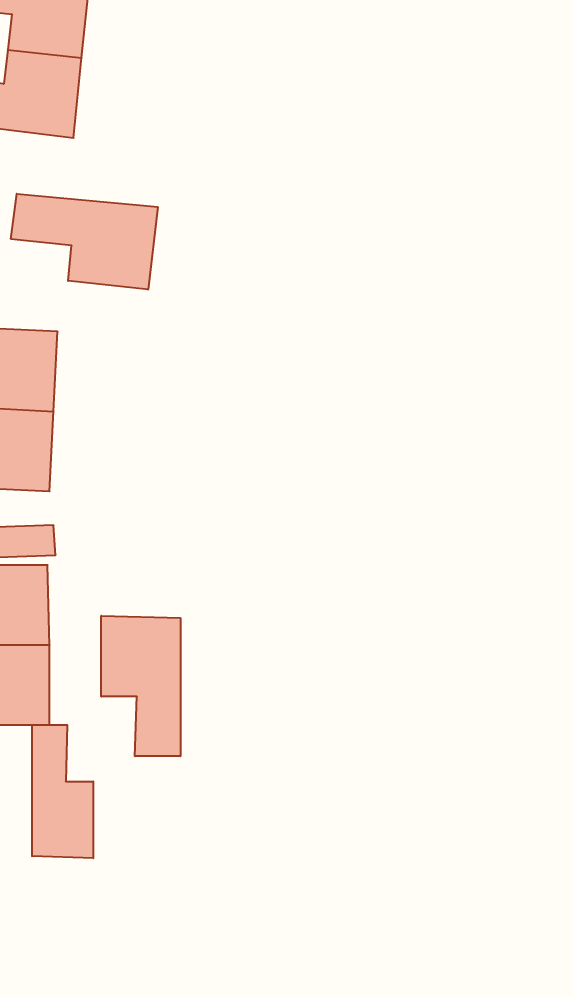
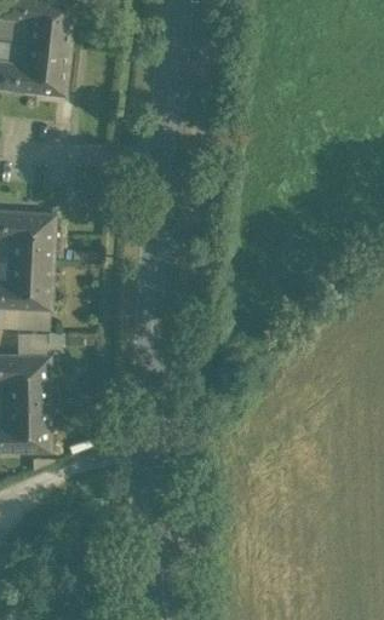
building: [11,194,158,290] -> none
building: [101,616,180,756] -> none
building: [32,725,93,858] -> none

